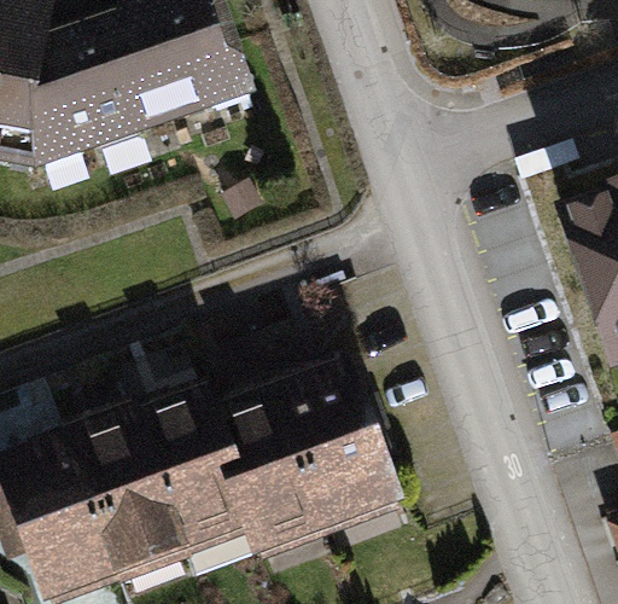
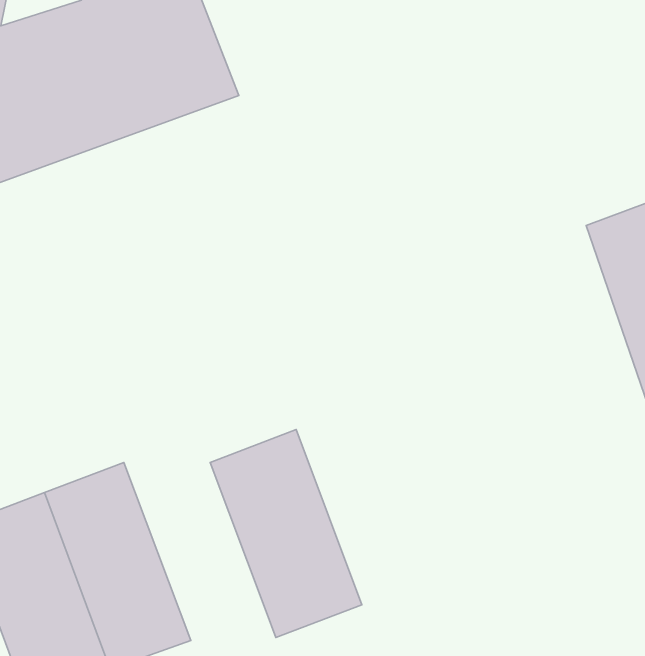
building: [293,365,414,542] -> none
building: [141,393,267,574] -> none

